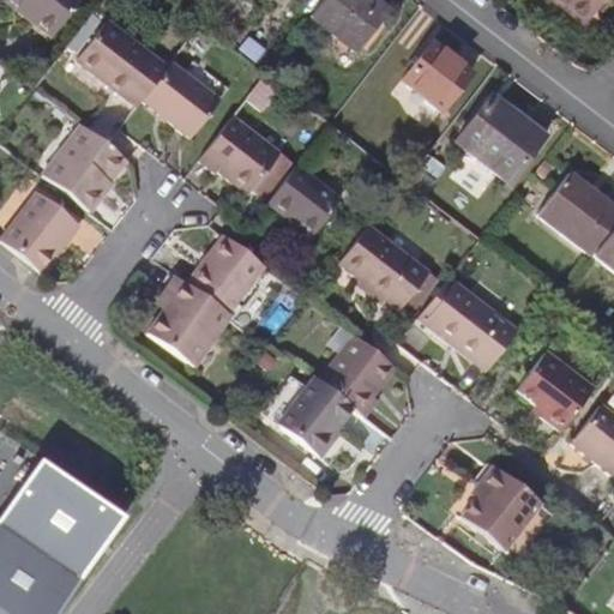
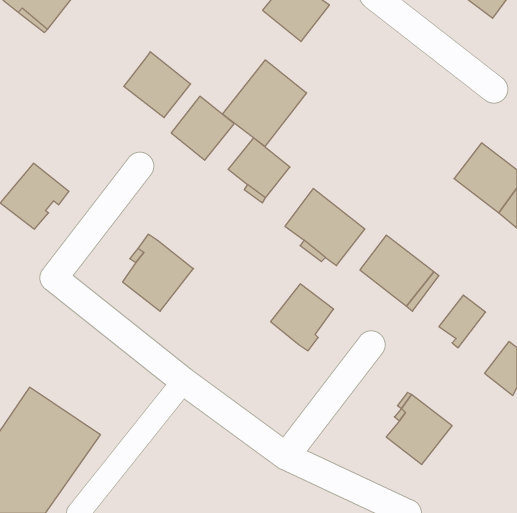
building: [83,20,173,106] -> none
building: [401,37,472,108] -> none
building: none -> [222,60,307,147]
building: [455,91,544,180] -> none
building: [46,130,130,213] -> none
building: [186,235,265,317] -> none
building: [542,369,597,428] -> none
building: [279,378,354,458] -> none

